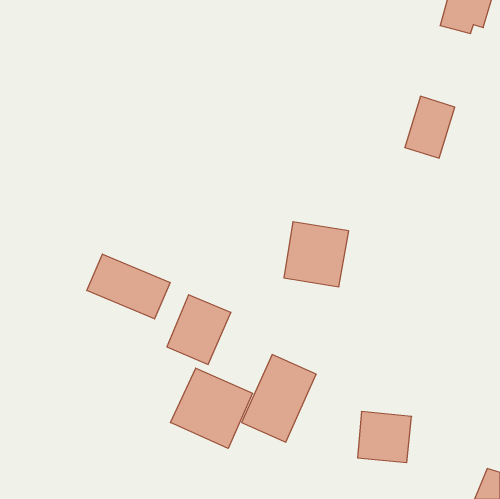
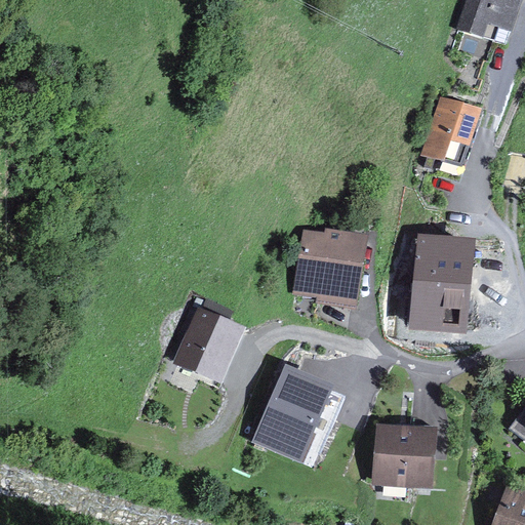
building: none -> [409,233,471,329]
building: [87,254,170,319] -> none
building: [170,368,252,448] -> none

